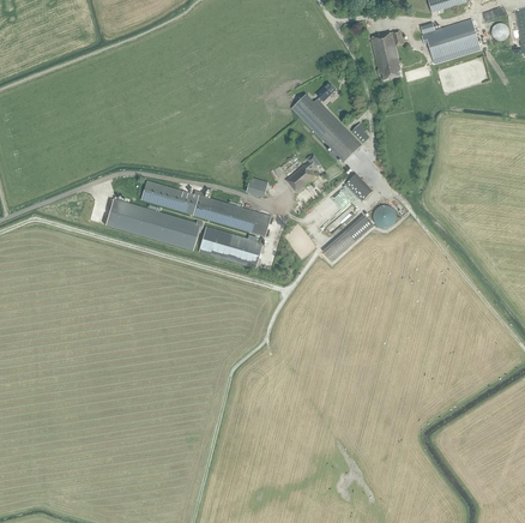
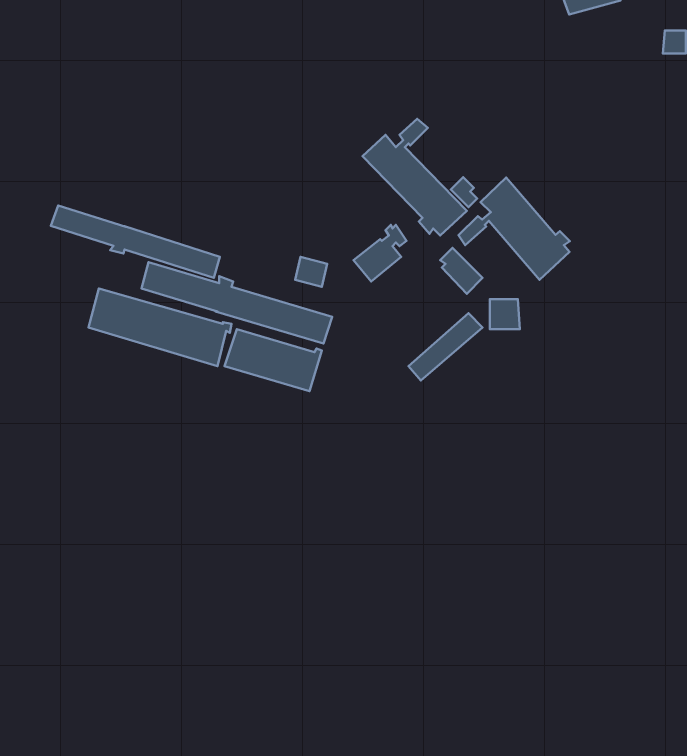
building: [420,18,479,62] -> none
building: [369,31,402,80] -> none
building: none -> [458,178,570,280]
building: none -> [51,206,220,278]

